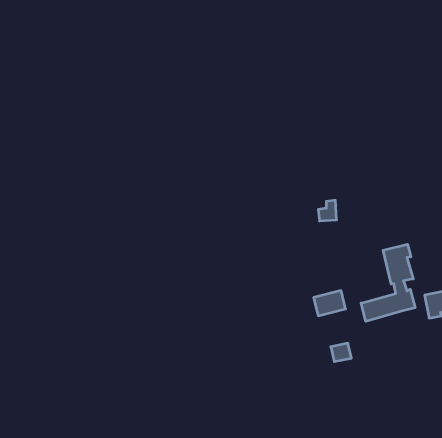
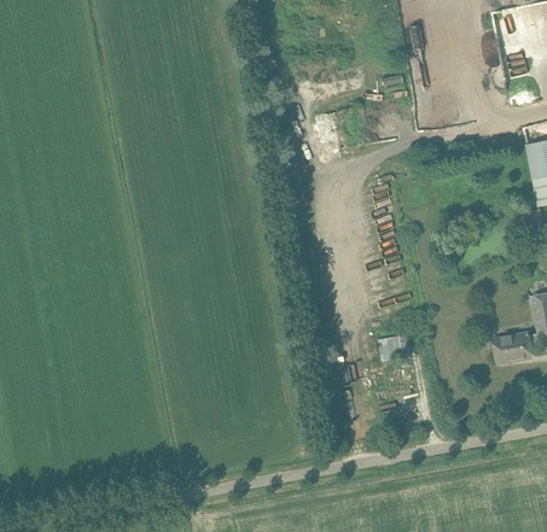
building: [361,244,415,321] -> none

